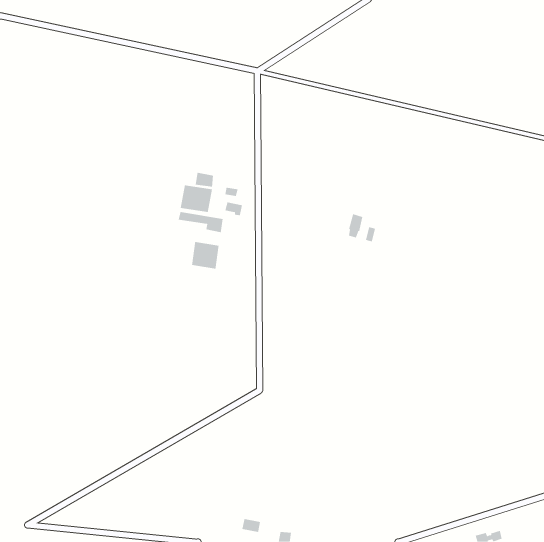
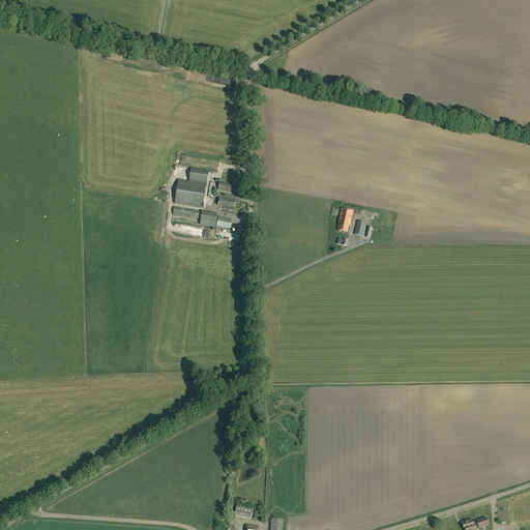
building: [191,241,219,270] -> none

